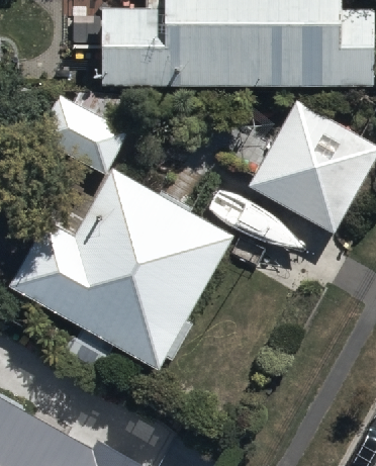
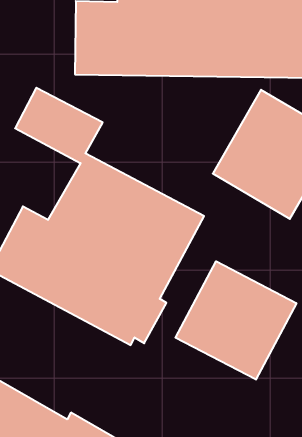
building: none -> [175,261,296,380]

